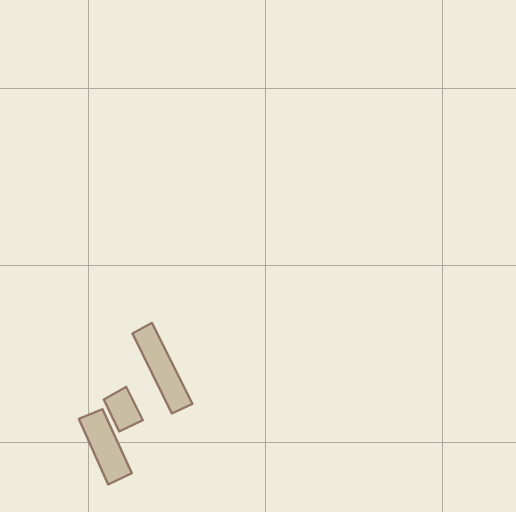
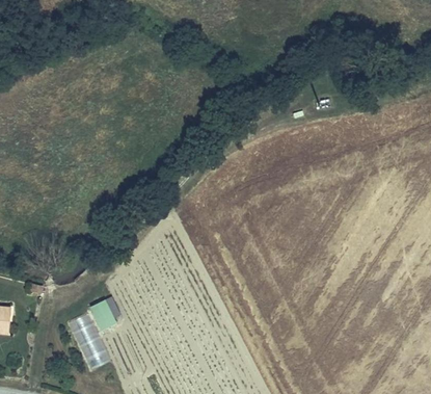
building: [132,323,192,413] -> none

